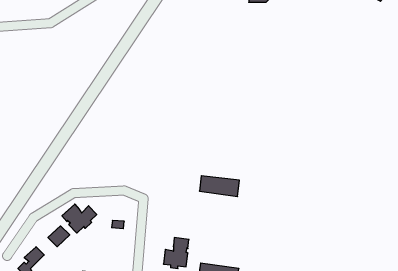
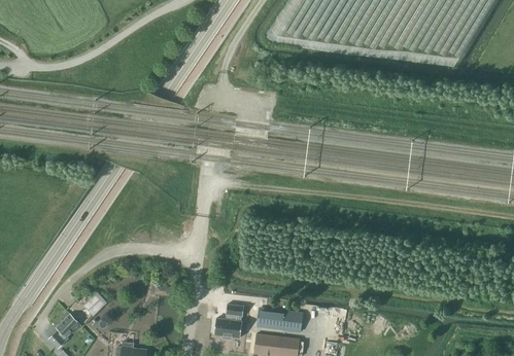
building: [199,176,239,197] -> [258,309,303,332]
building: [62,204,97,233] -> none

